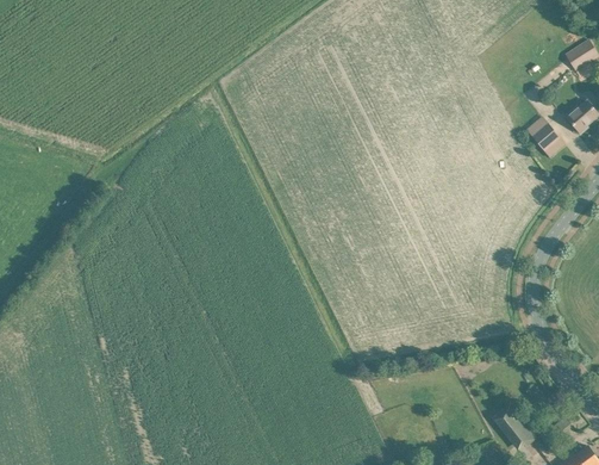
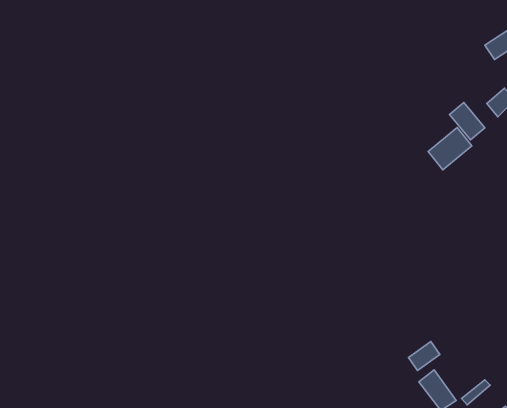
building: none -> [428,128,472,170]
building: none -> [408,342,440,371]

